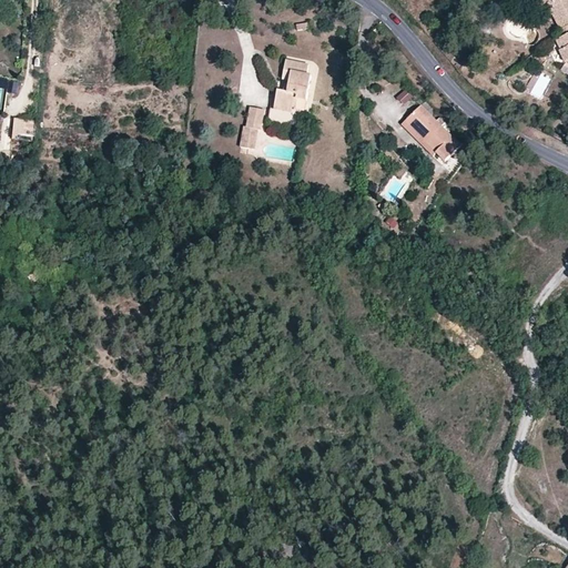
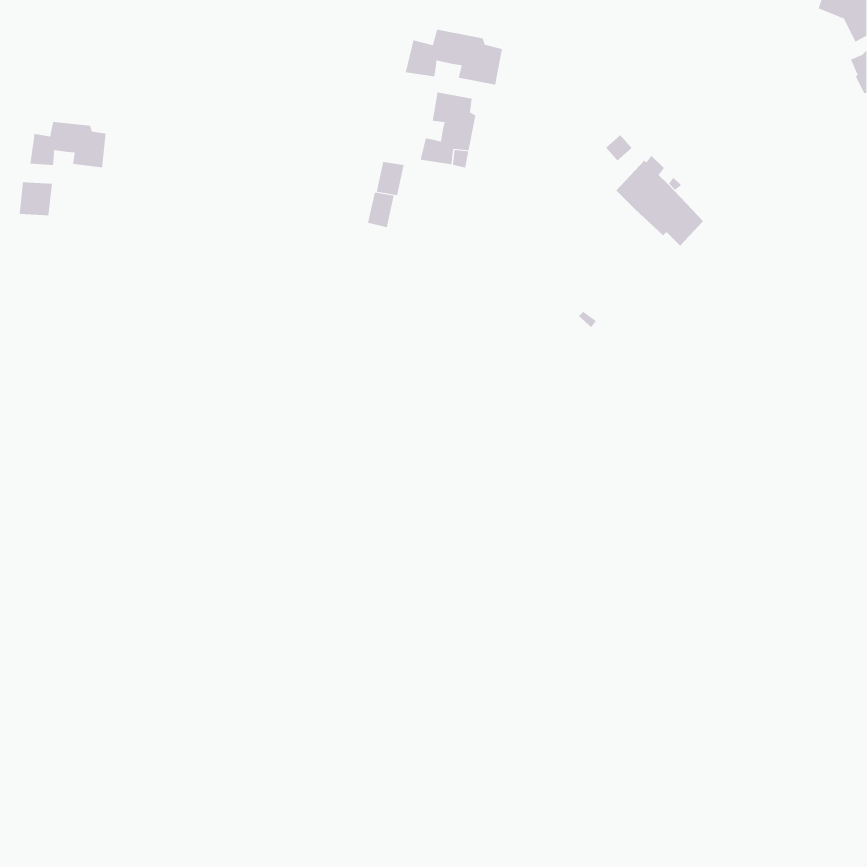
building: none -> [405,29,503,86]
building: none -> [30,121,106,168]

